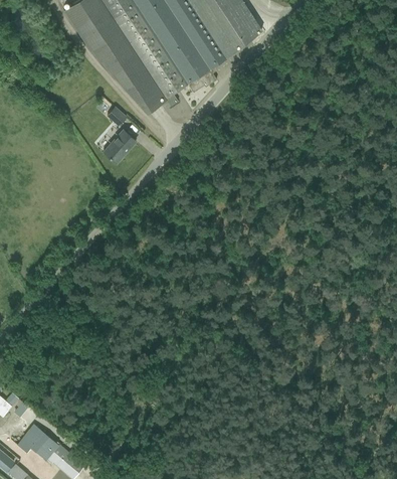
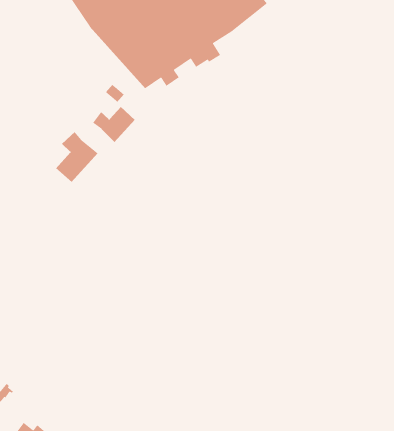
building: none -> [55,131,99,183]

